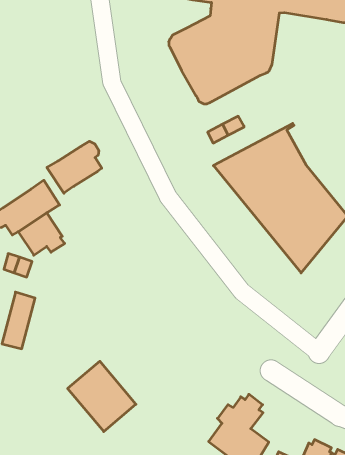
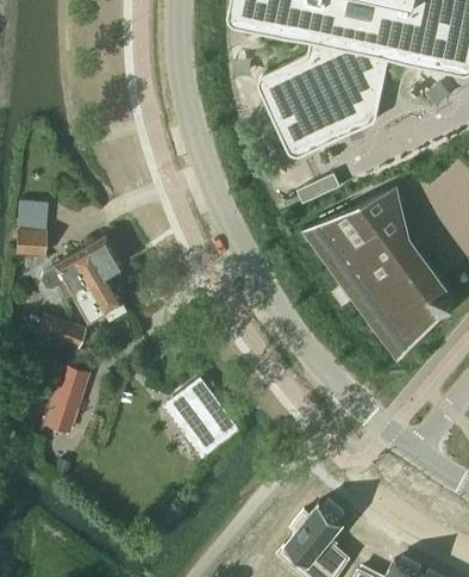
building: [47,141,102,193] -> none
building: [68,361,136,432] -> [164,373,243,455]

